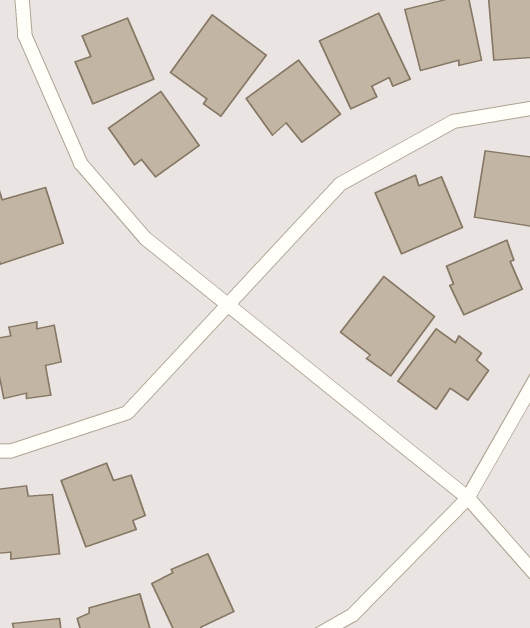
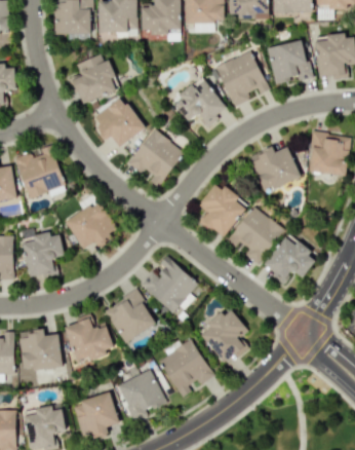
building: [170,15,266,116] -> [128,128,185,188]
building: [446,240,522,315] -> none
building: none -> [200,185,245,237]
building: none -> [66,200,116,251]
building: none -> [141,256,198,315]
building: none -> [103,290,157,344]
building: none -> [201,309,249,364]
building: none -> [158,339,213,398]

